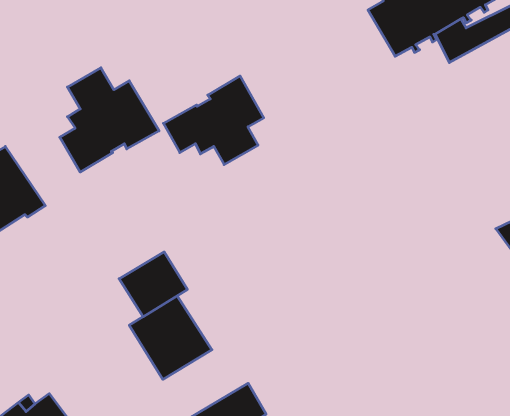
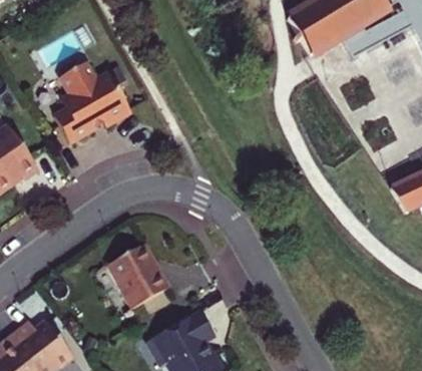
building: [163,76,264,165] -> none
building: [119,252,187,317] -> none

